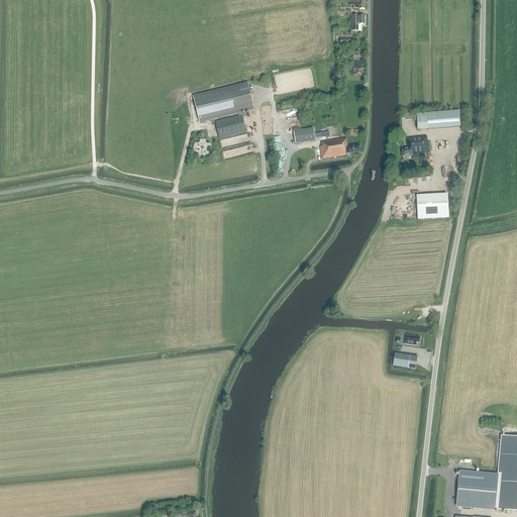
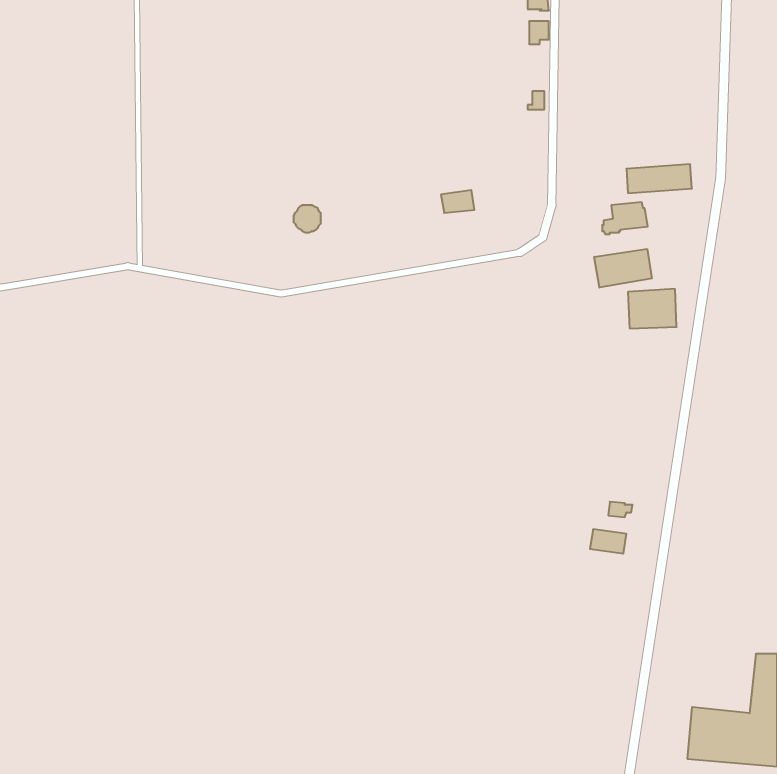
building: [193,81,254,136] -> none
building: [320,136,360,158] -> none
building: none -> [594,249,652,288]

